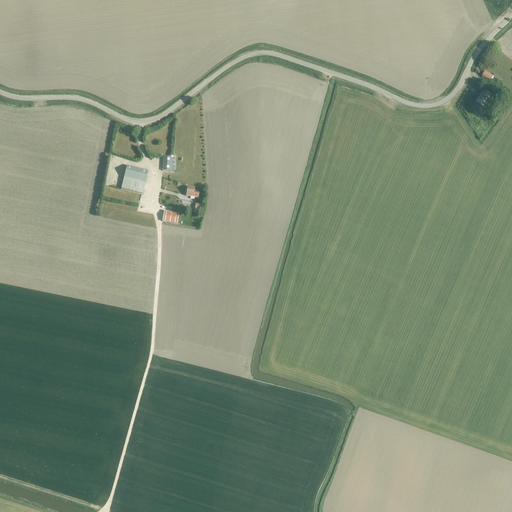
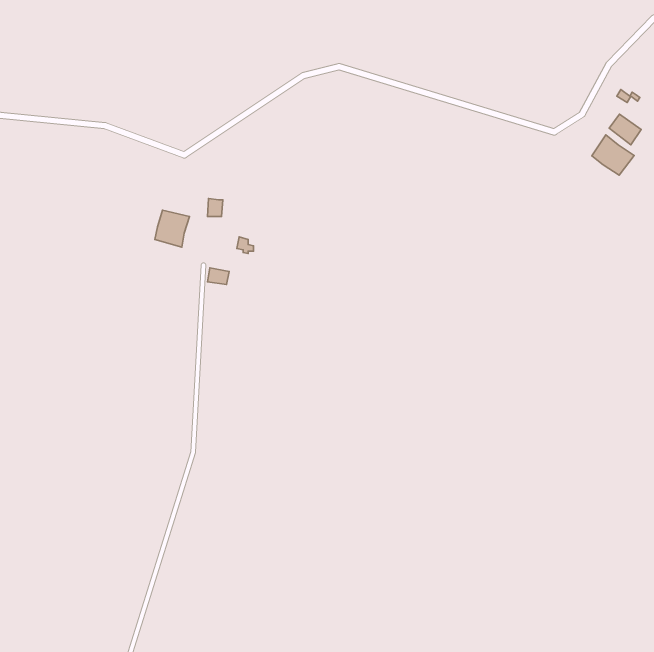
building: none -> [592,135,634,175]

